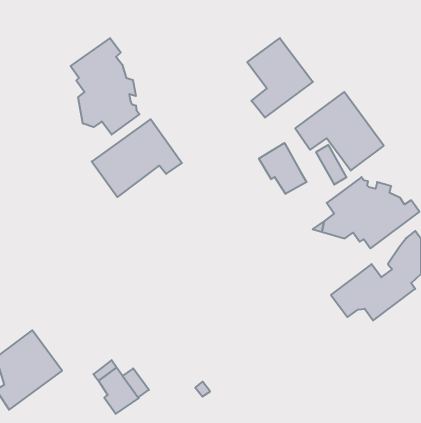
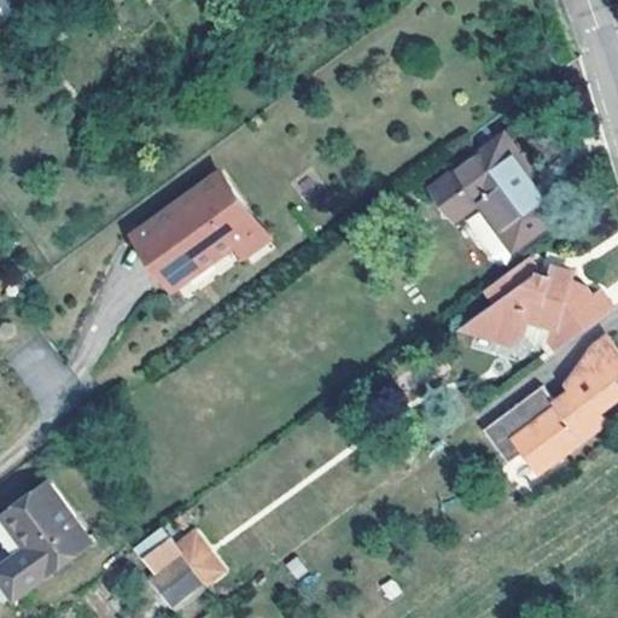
building: [71,38,139,135] -> none
building: [247,38,313,118] -> none
building: [259,143,307,194] -> none

